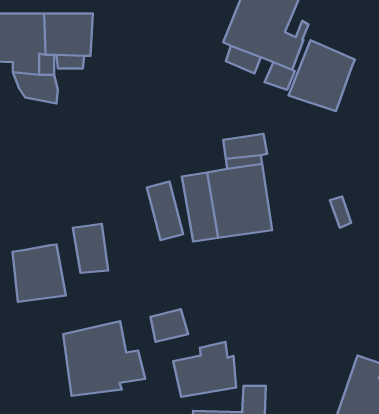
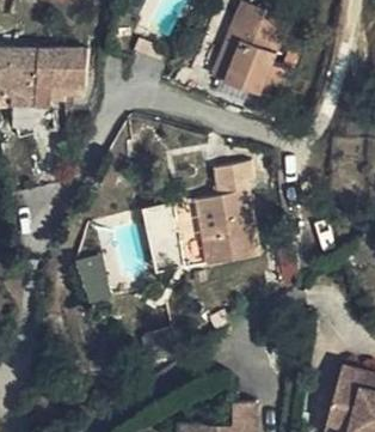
building: [288,40,355,111] -> none
building: [12,244,66,302] -> none
building: [63,321,145,396] -> none
building: [173,342,236,397] -> none

